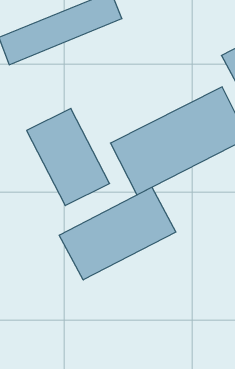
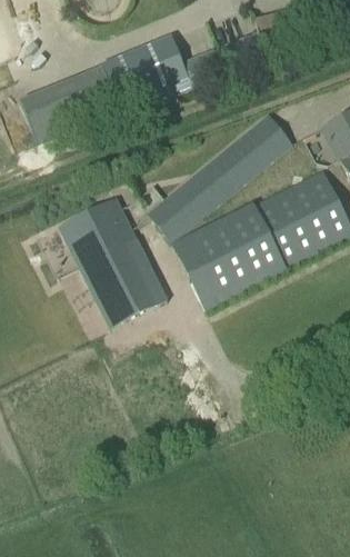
building: none -> [147,112,292,242]
building: [59,187,176,280] -> none

